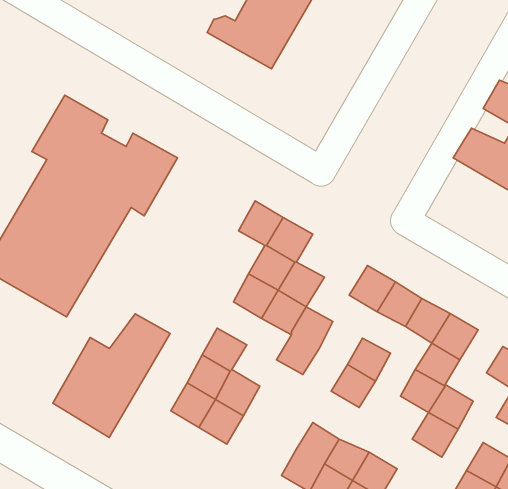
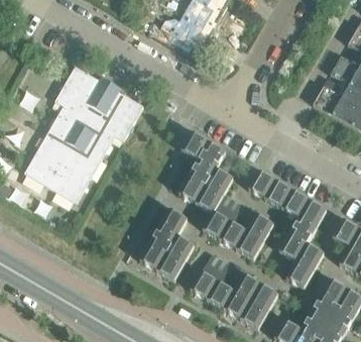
building: [53,314,170,438] -> none
building: none -> [221,205,257,247]
building: none -> [191,256,227,299]

